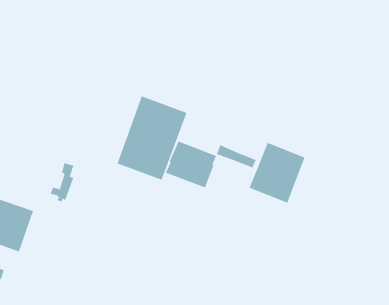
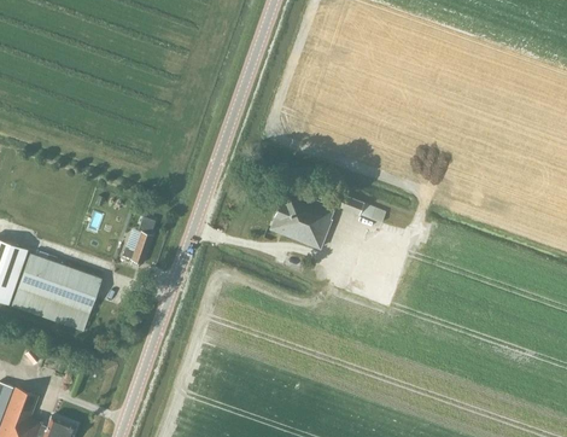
building: [117,95,187,180] -> none
building: [249,142,305,204] -> none

